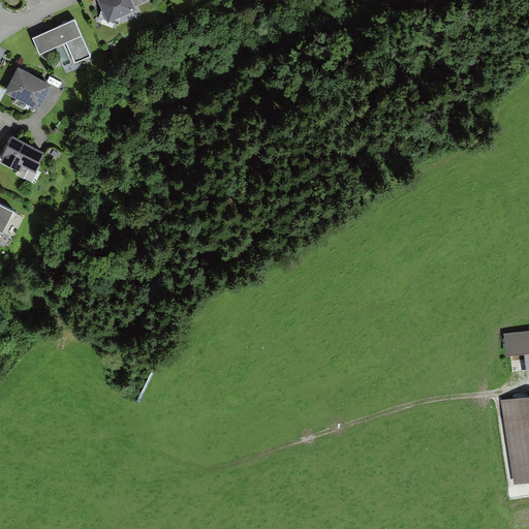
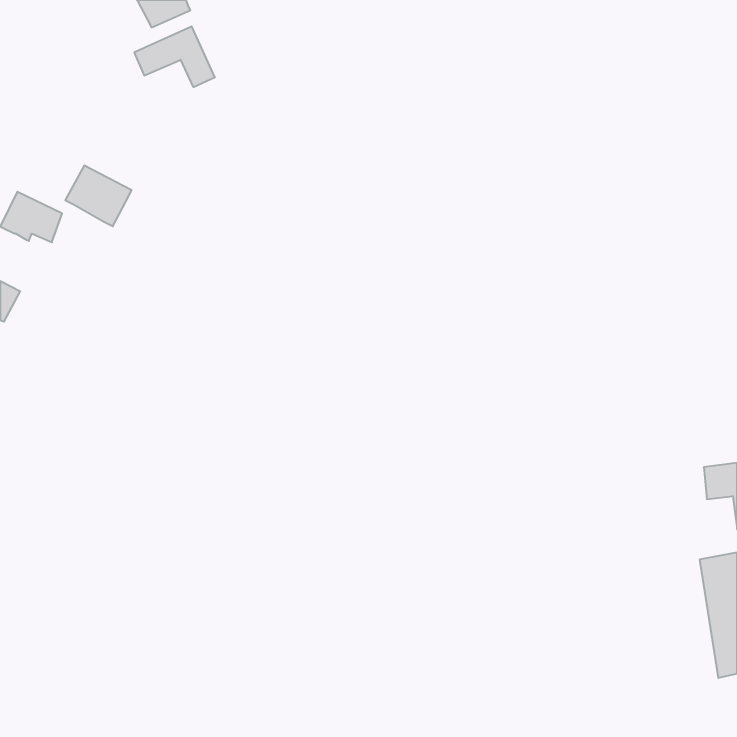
building: [33,17,91,60] -> [134,27,215,87]
building: [5,68,53,112] -> [65,166,132,226]

